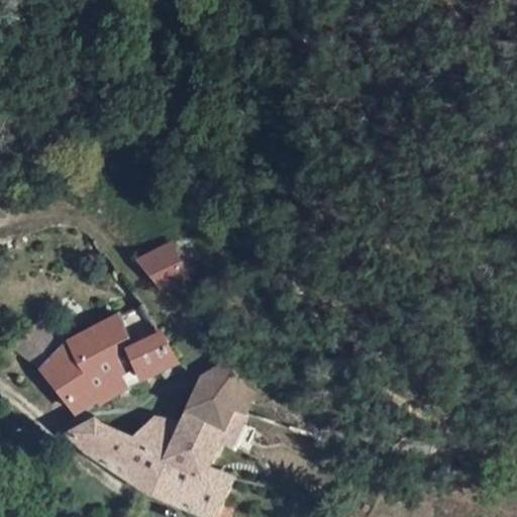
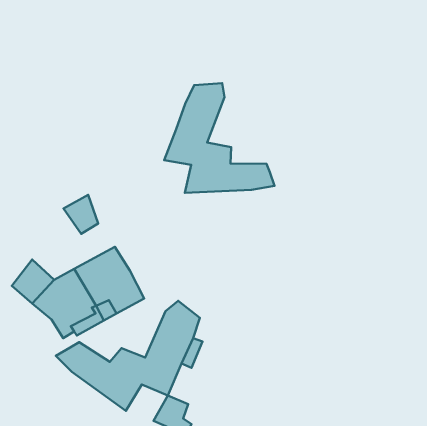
building: none -> [164,83,275,193]
building: [138,244,180,291] -> [64,195,98,234]
building: [150,467,201,510] -> none

